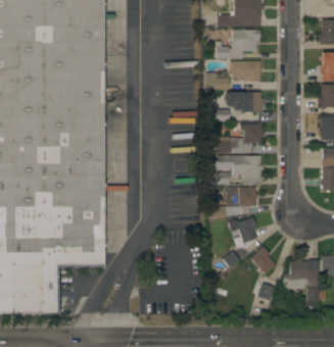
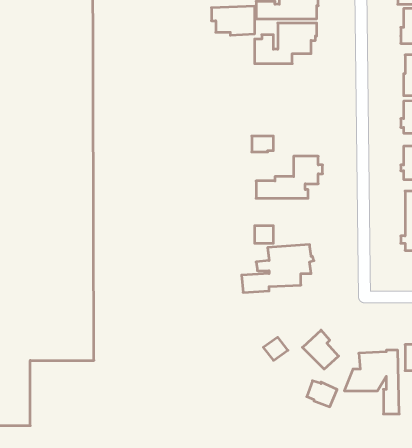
building: [229,60,259,81] -> [211,6,255,35]
building: [225,92,263,113] -> none
building: [217,155,261,184] -> none
building: [228,216,255,248] -> none

